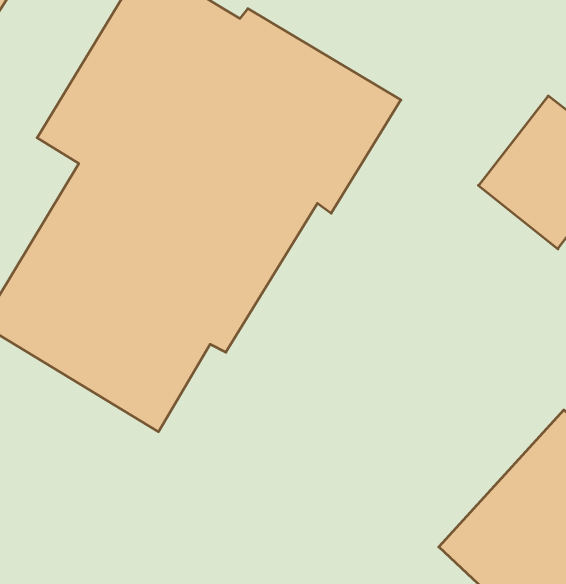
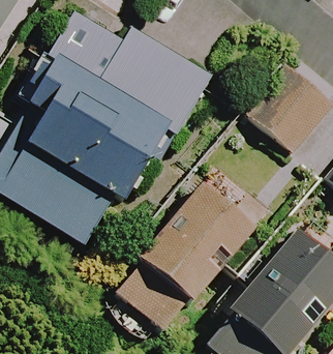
building: none -> [140,185,253,303]

